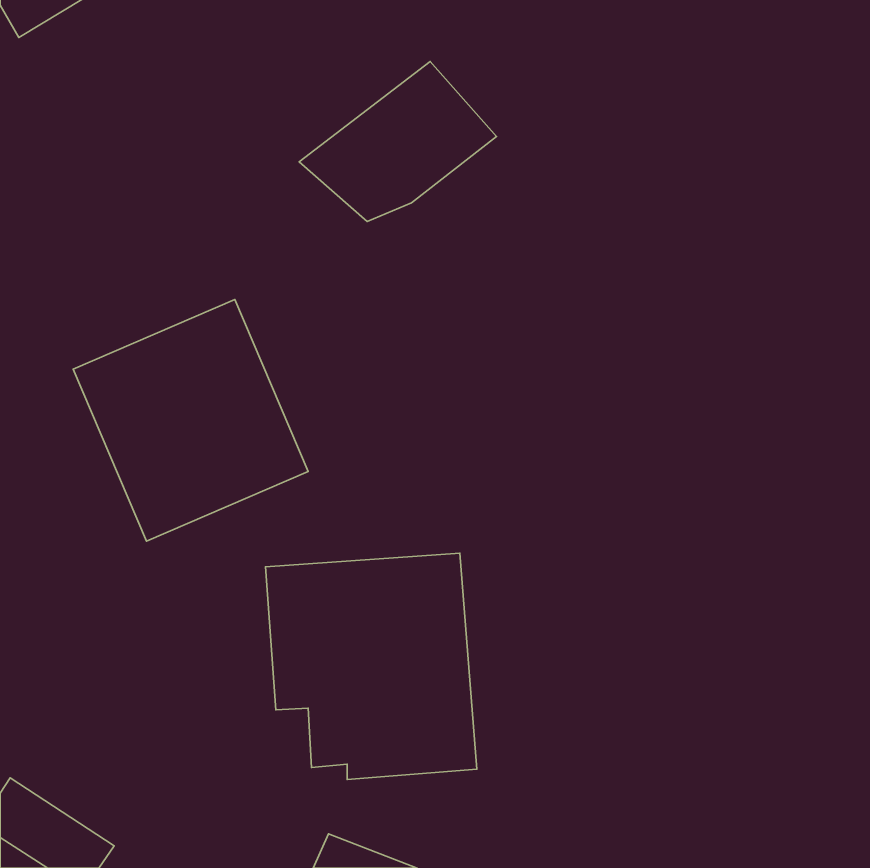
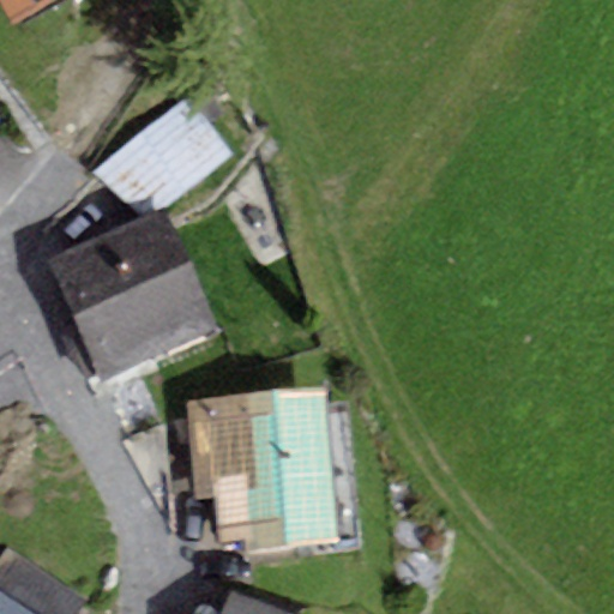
building: [299,62,497,222] -> [95,100,234,212]

